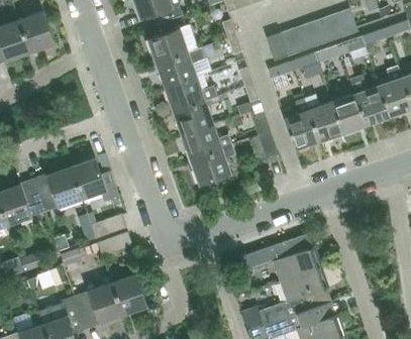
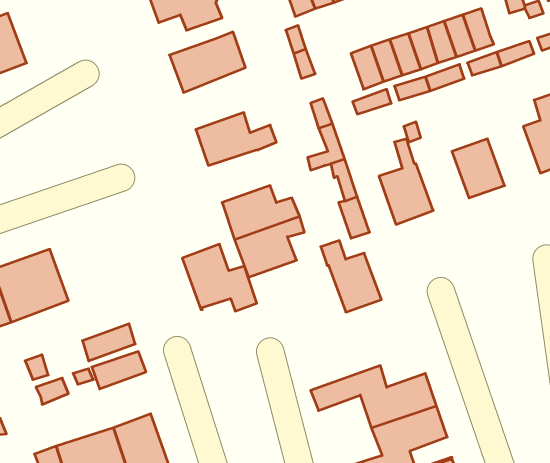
building: [157,46,204,88] -> none
building: [349,75,389,124] -> none
building: [303,94,342,140] -> [321,241,381,312]
building: [173,101,213,135] -> none
building: [70,156,118,200] -> [182,244,257,311]

